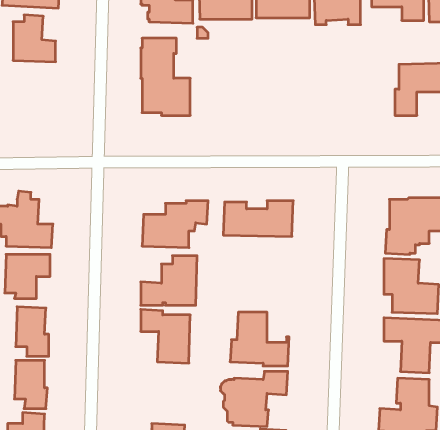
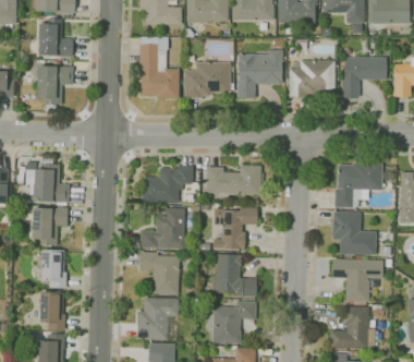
building: none -> [236,49,282,98]
building: none -> [289,60,334,98]
building: none -> [182,62,230,98]
building: none -> [36,65,73,112]
building: none -> [212,207,256,250]
building: none -> [136,298,179,340]

